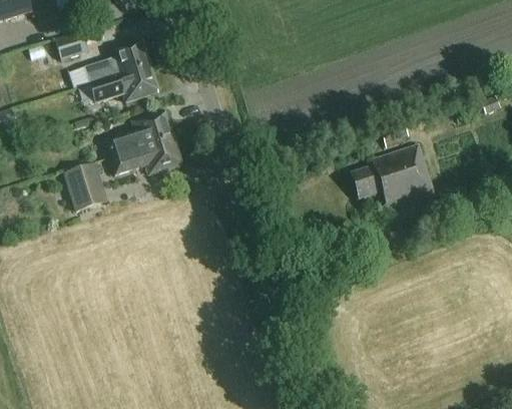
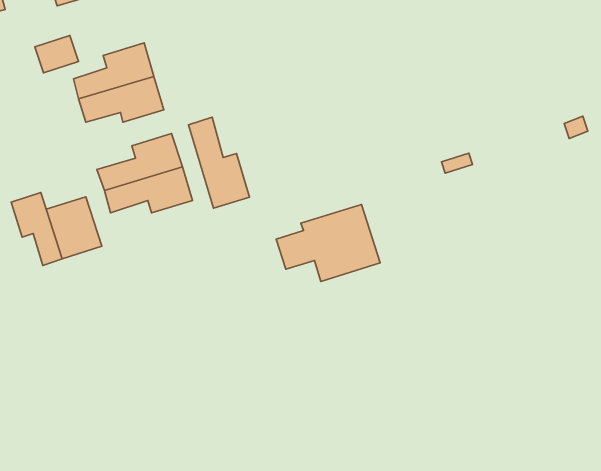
building: none -> [188,117,250,208]
building: [351,145,435,208] -> [276,205,380,281]
building: none -> [11,192,62,266]

